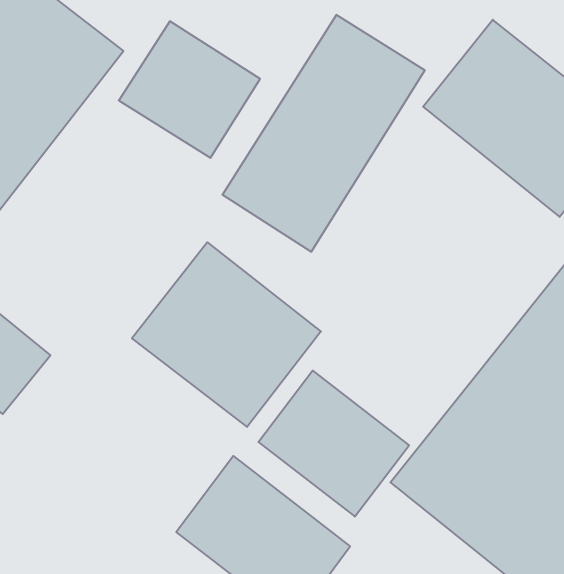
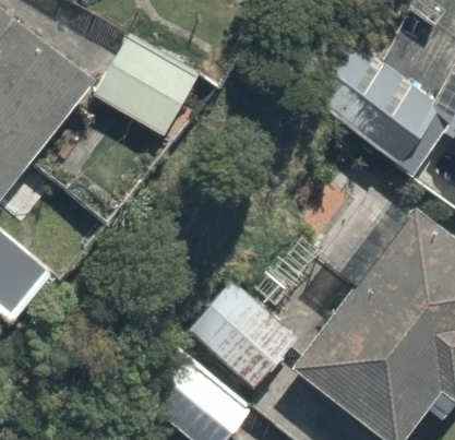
building: [223,15,425,252] -> none
building: [132,242,321,427] -> none

